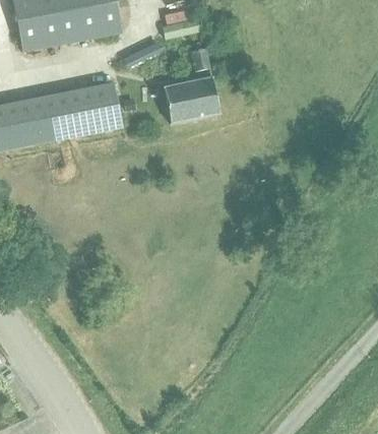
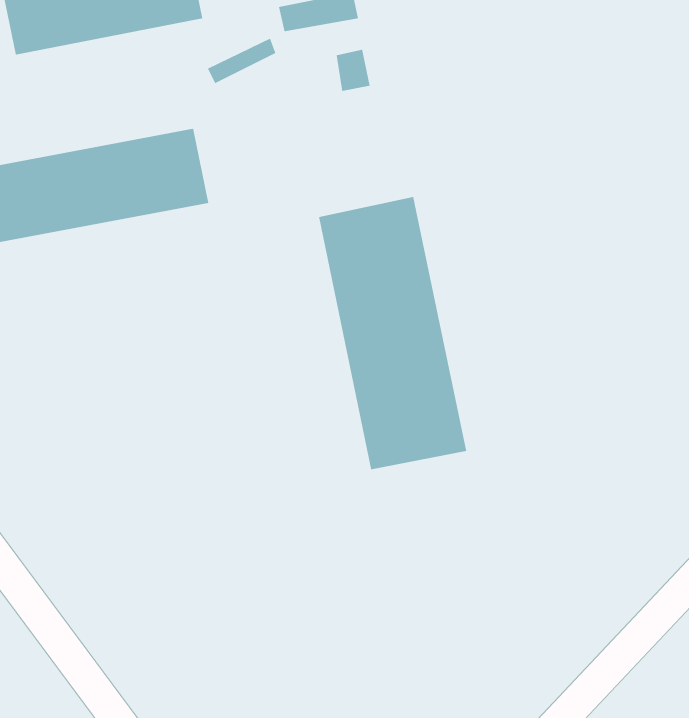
building: [163,76,218,123] -> none
building: none -> [318,196,467,470]

